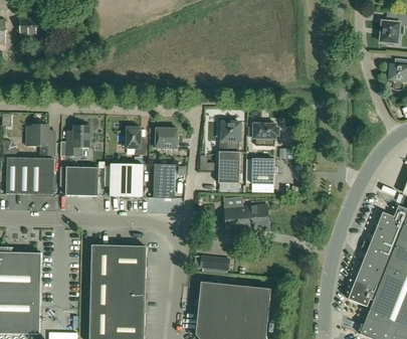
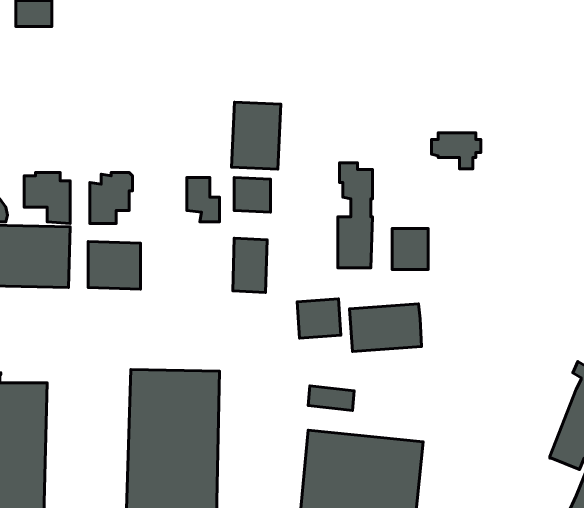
building: none -> [231,102,281,169]
building: [248,123,278,145] -> [432,133,481,169]
building: [104,163,143,196] -> none
building: none -> [297,299,341,338]

